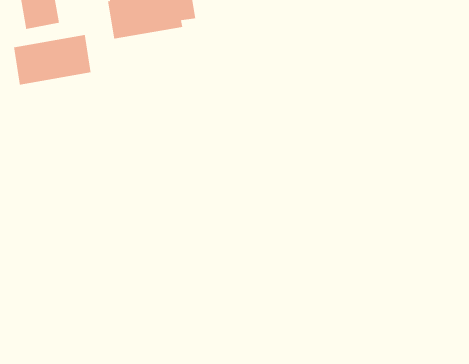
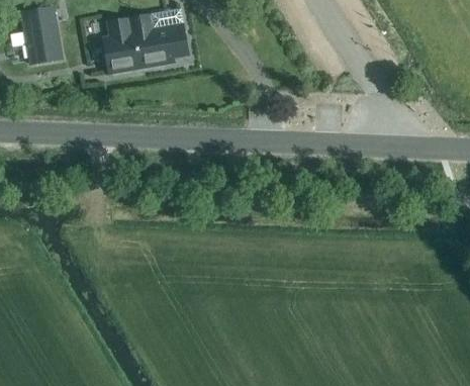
building: [13,34,91,86] -> none

